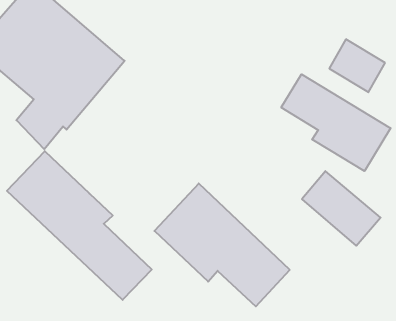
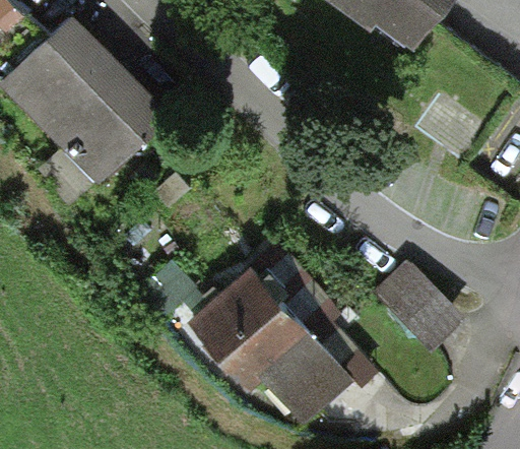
building: [281,74,391,171] -> none
building: [7,151,152,300] -> none

